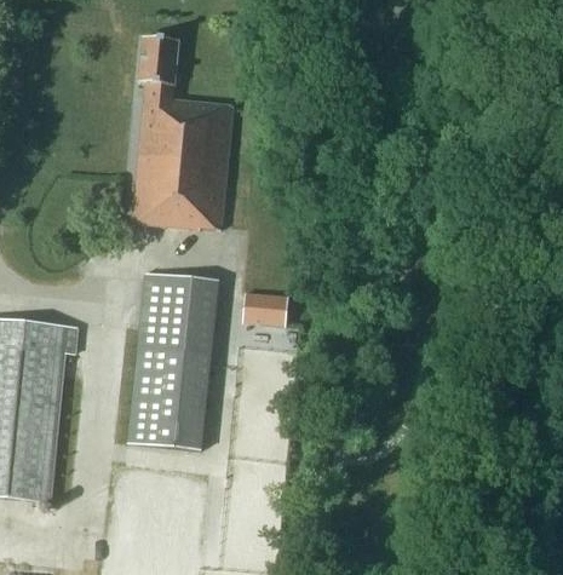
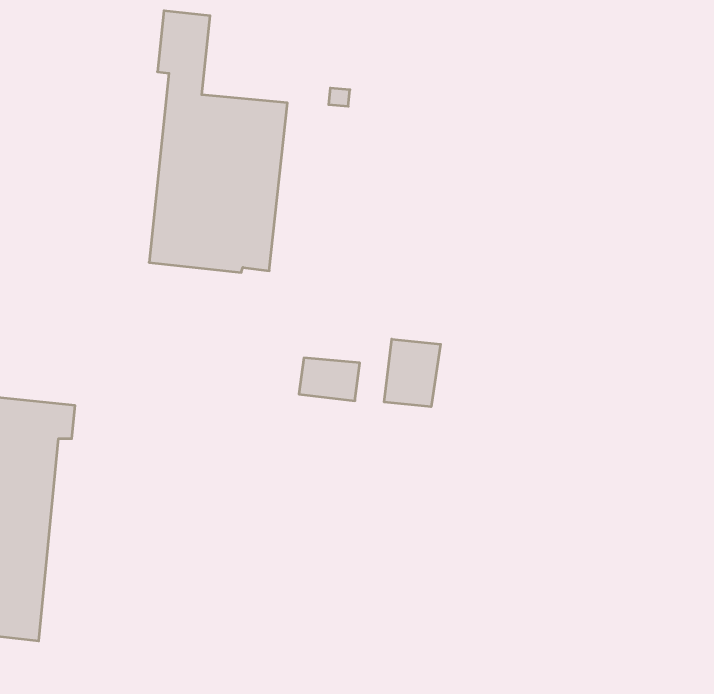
building: [128,274,218,448] -> none
building: none -> [384,339,441,407]

